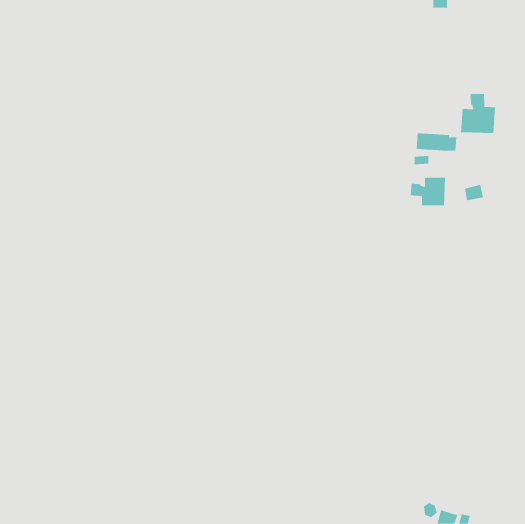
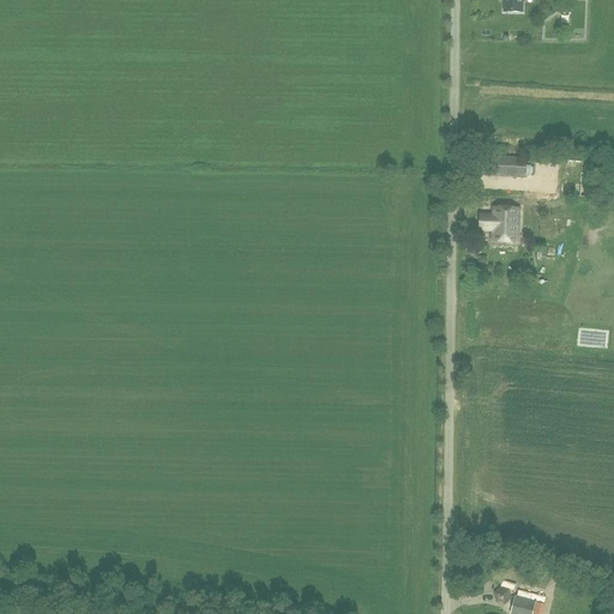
building: [461,93,496,134] -> none

